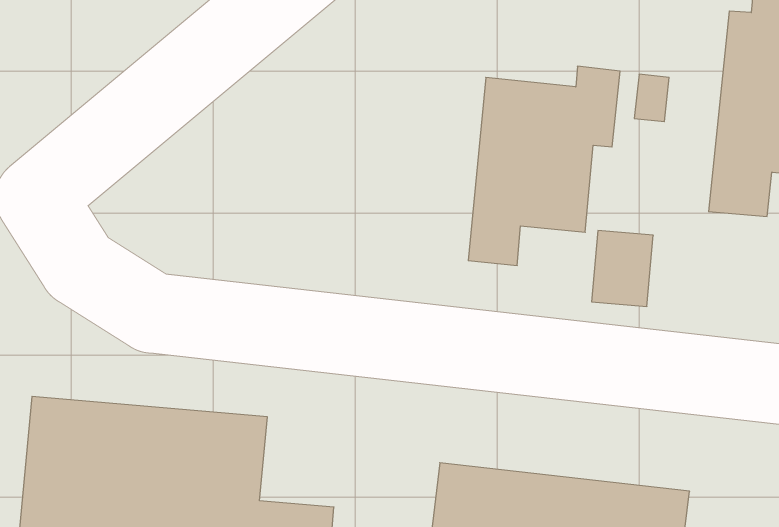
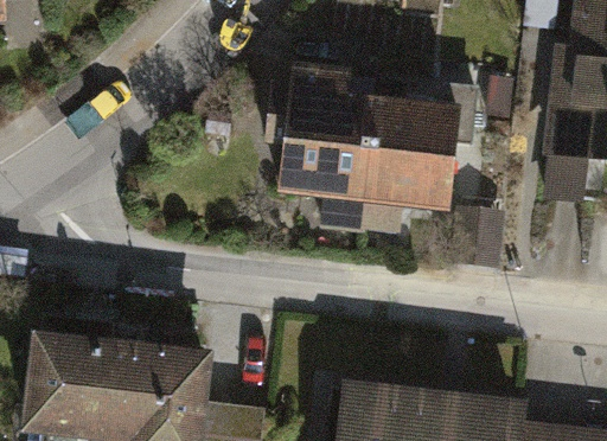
building: none -> [266,55,376,228]

